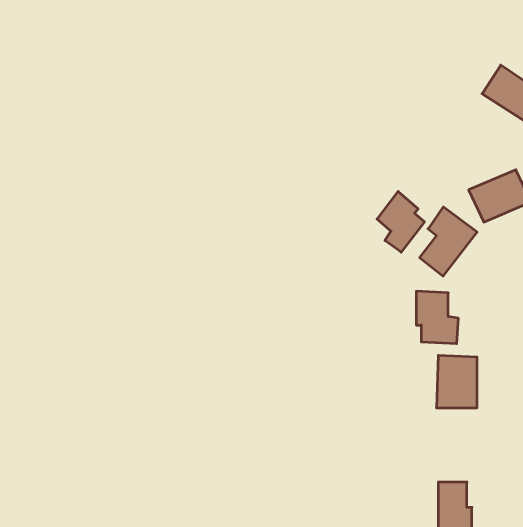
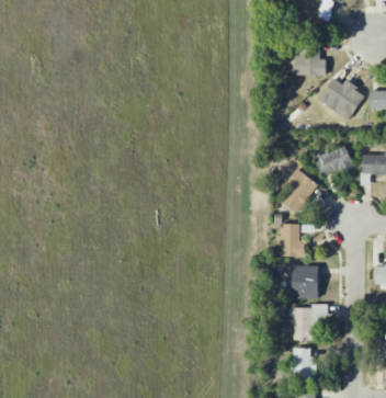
building: none -> [294,43,326,76]
building: [377,191,424,252] -> none
building: none -> [292,304,328,341]

